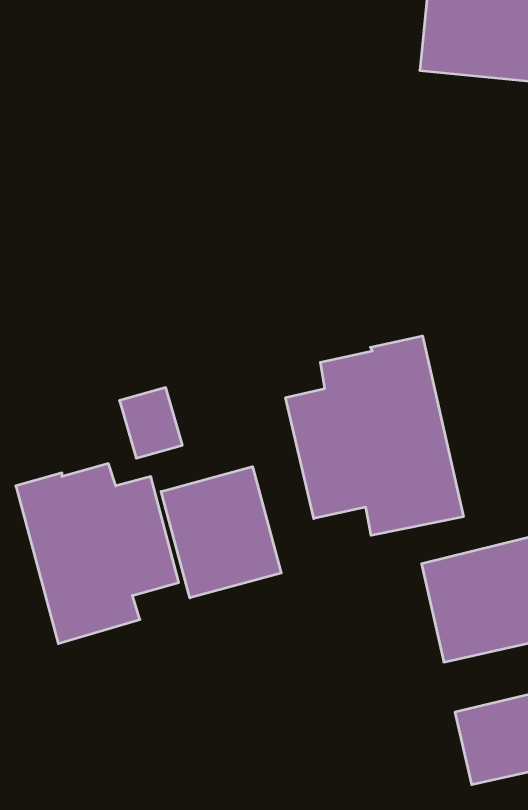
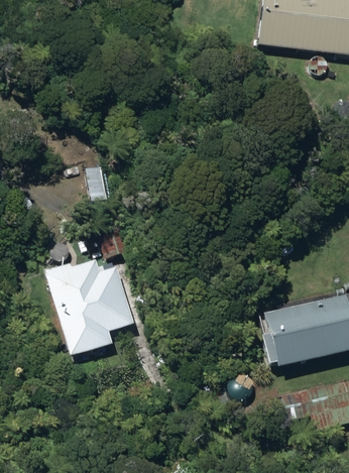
building: [286,336,463,535] -> none
building: [161,467,281,598] -> none

